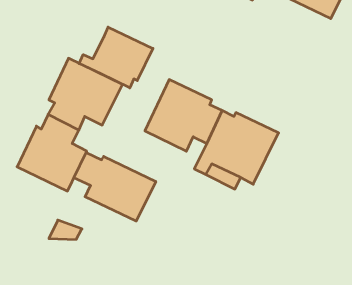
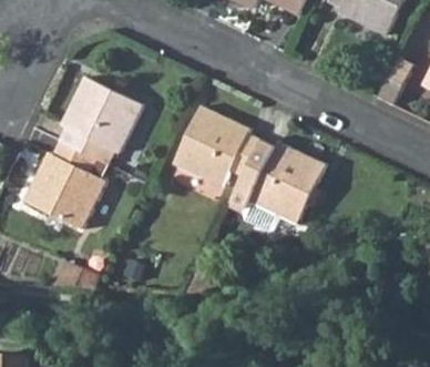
building: [79,27,153,88] -> none
building: [74,152,156,221] -> none

